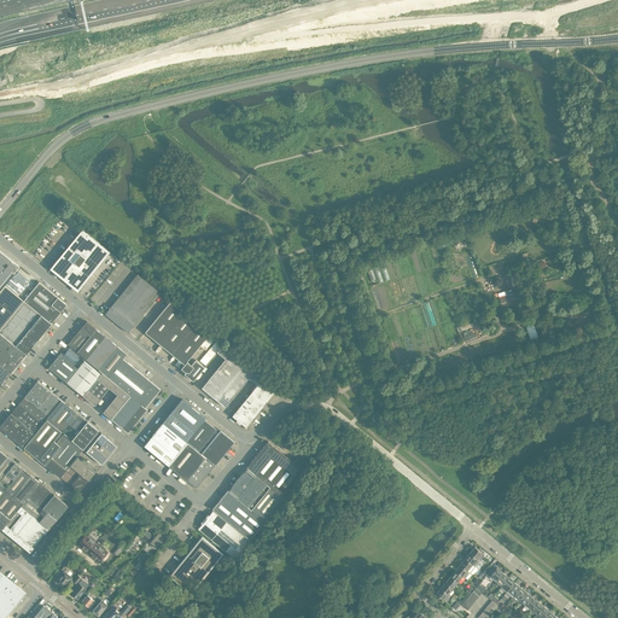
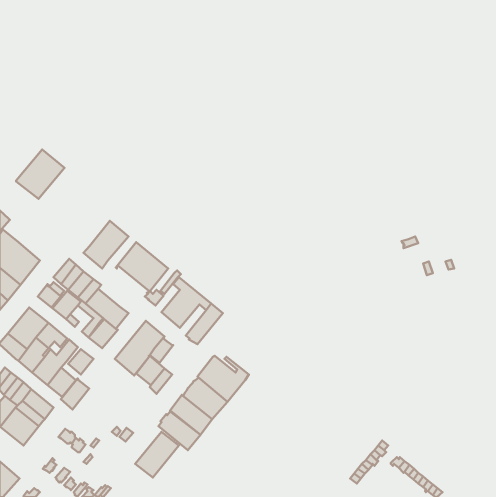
building: [48,229,109,291] -> [16,149,65,199]
building: [23,282,64,323] -> none
building: [200,431,232,465] -> none
building: none -> [61,378,89,409]

